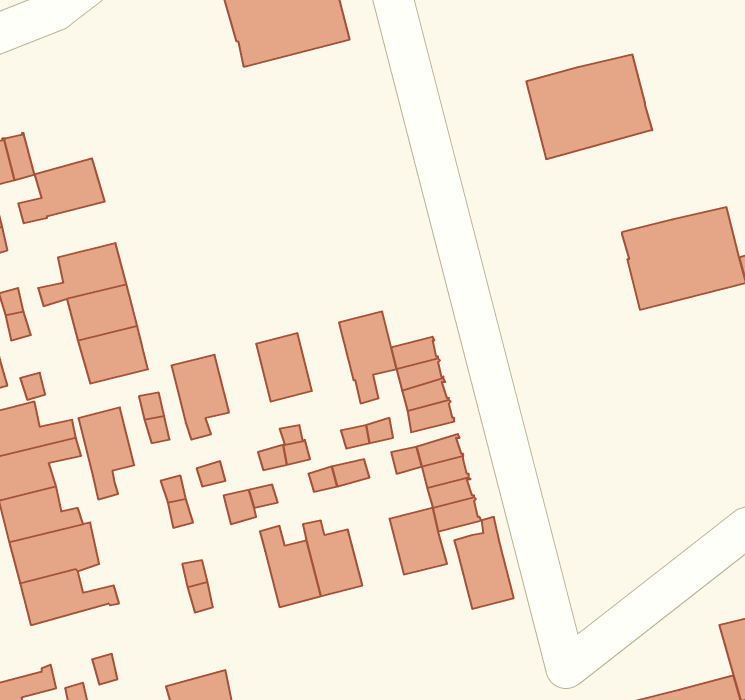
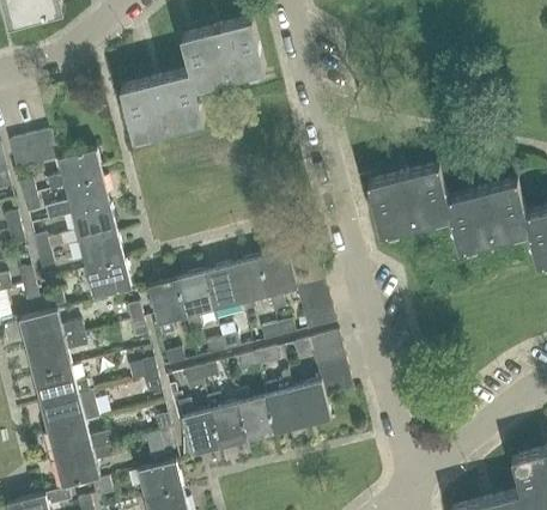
building: none -> [120,71,205,139]
building: [526,55,652,159] -> [367,165,451,235]
building: none -> [44,177,110,220]
building: none -> [231,257,268,311]
building: [78,407,134,499] -> [176,272,213,333]
building: [454,517,514,609] -> [262,371,302,432]
building: none -> [177,399,219,455]
building: none -> [54,444,109,487]
building: none -> [136,461,183,499]

